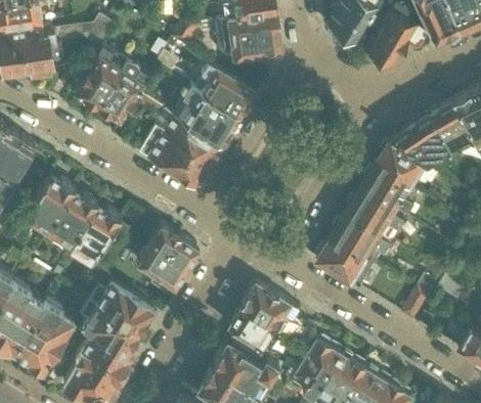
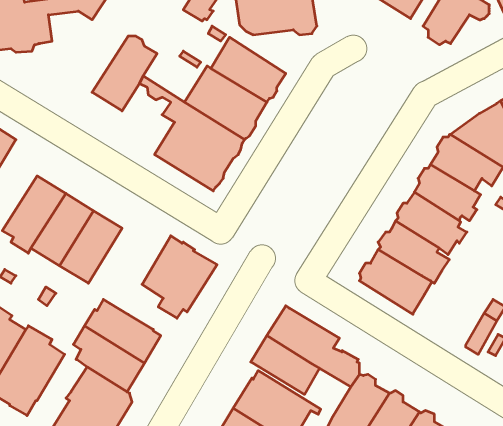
building: [73,46,126,107] -> none

